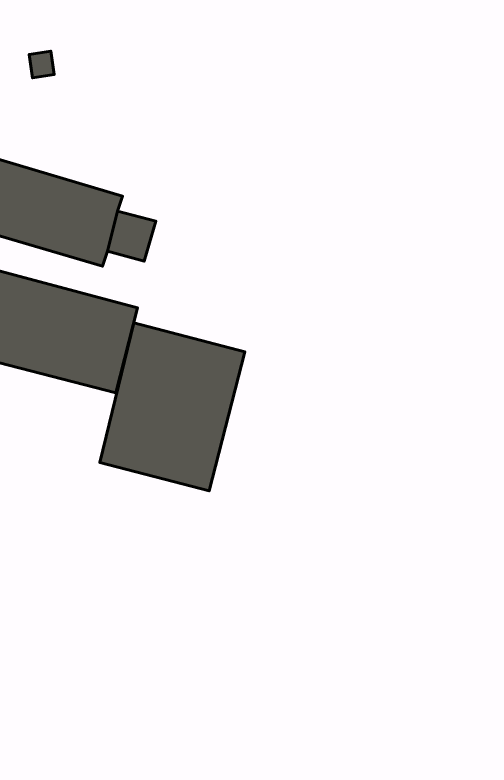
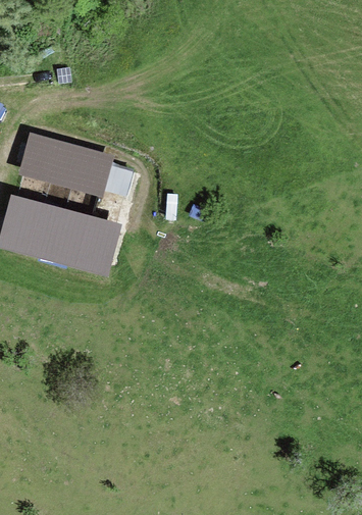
building: [100,323,245,491] -> none

